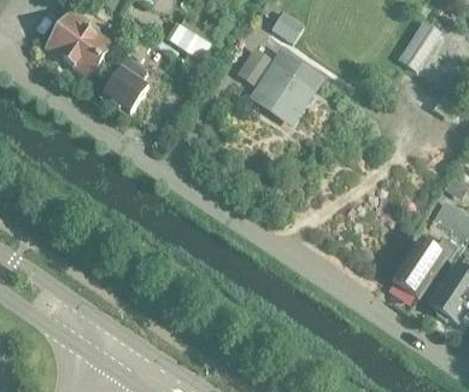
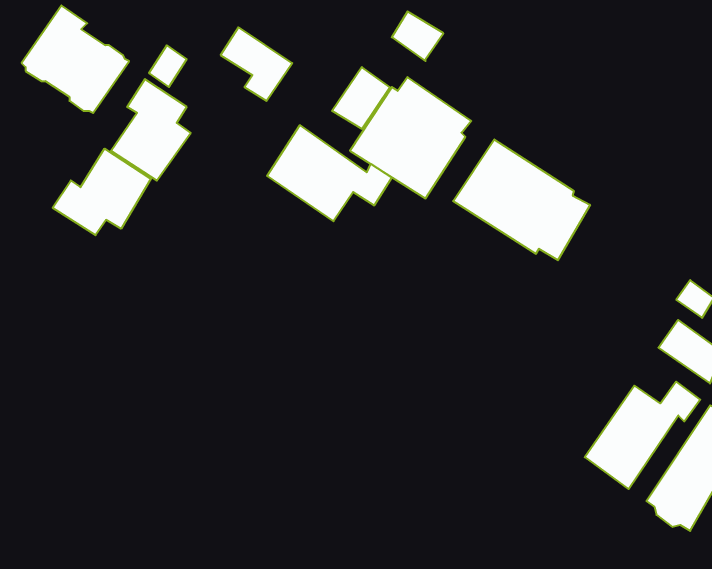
building: [398,21,442,71] -> none
building: none -> [267,125,392,221]
building: none -> [453,139,590,260]
building: none -> [53,149,151,235]

